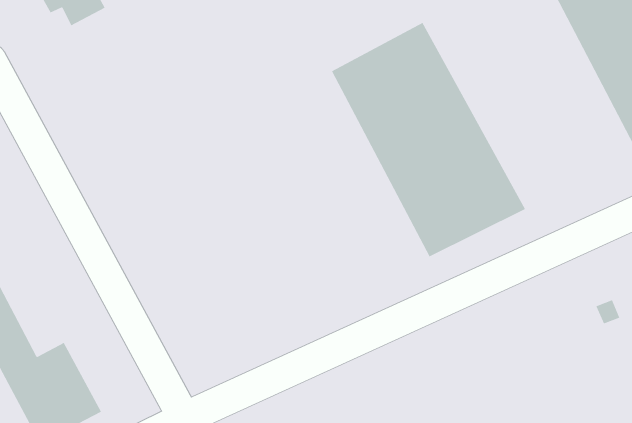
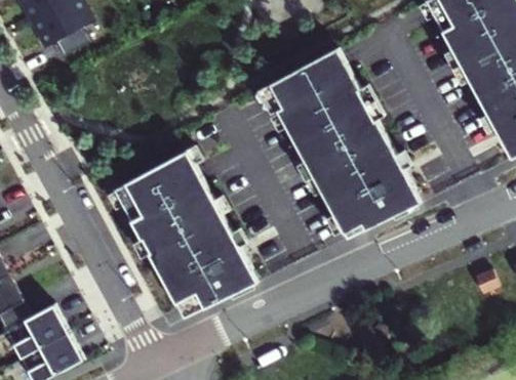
building: none -> [113,149,254,316]

